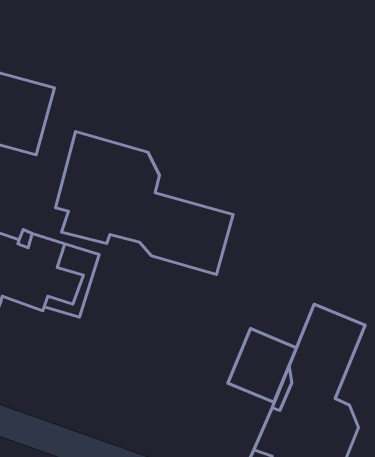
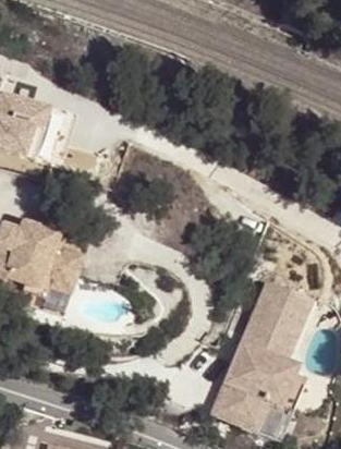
building: [56,132,233,275] -> none
building: [228,329,296,402] -> none

